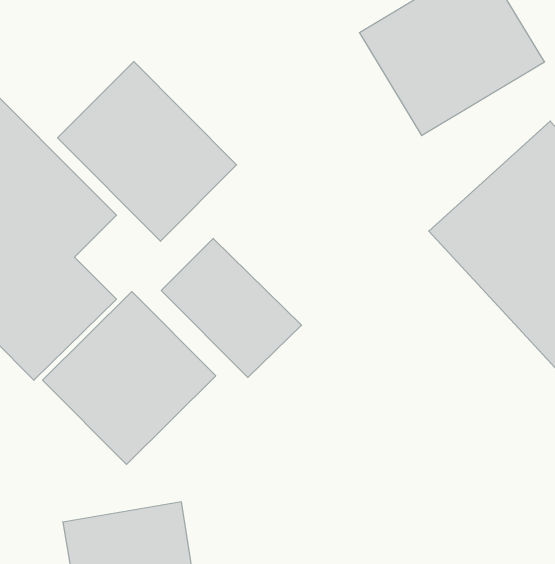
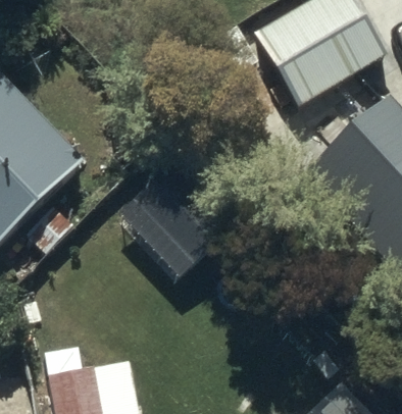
building: [58,62,237,241] -> none
building: [43,292,216,464] -> none

